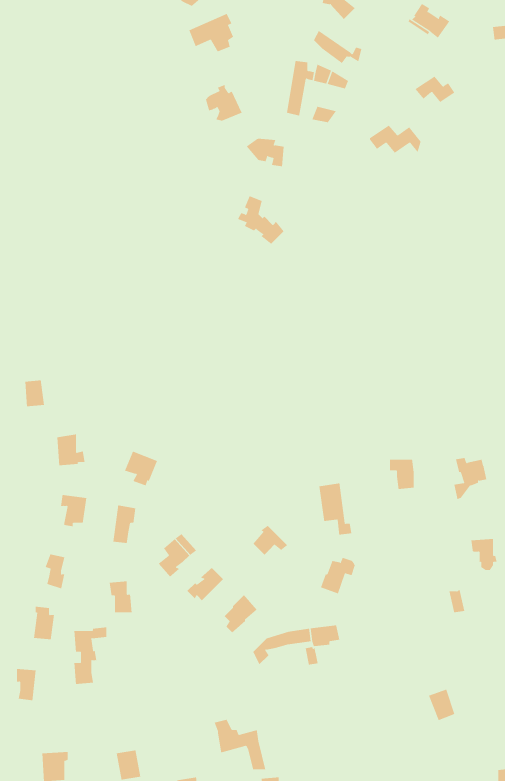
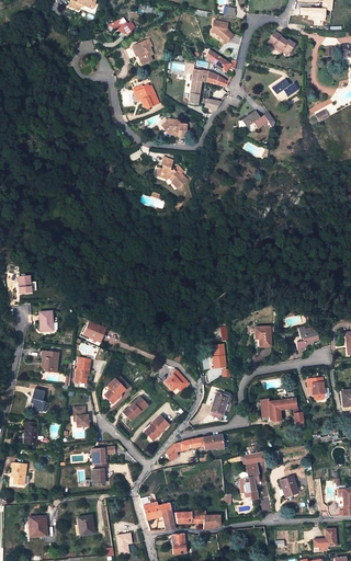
building: none -> [261,392,296,422]
building: [73,627,107,684] -> [91,447,113,484]
building: none -> [239,451,265,500]
building: none -> [174,511,219,528]

